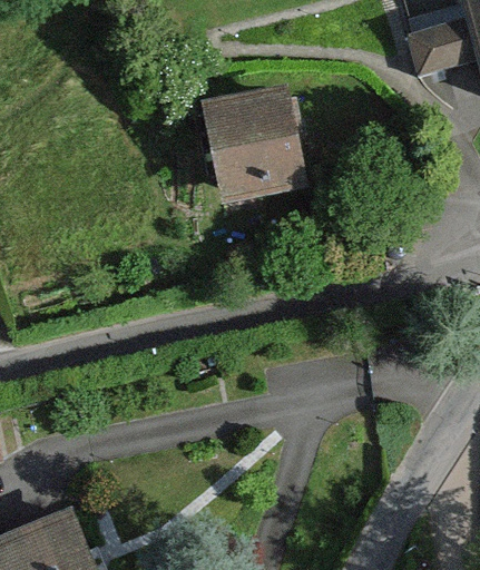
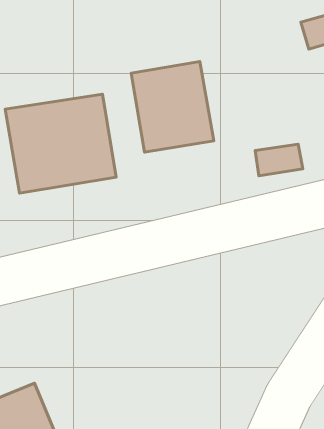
building: none -> [5,94,116,193]

